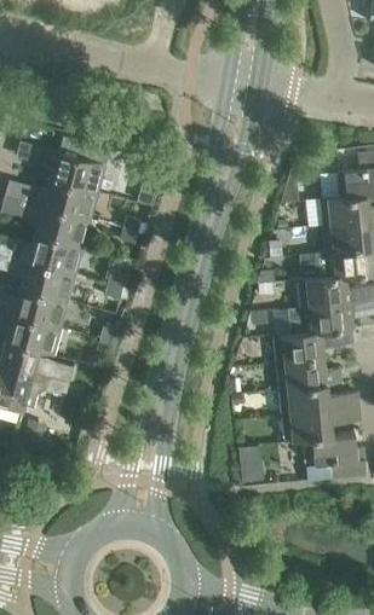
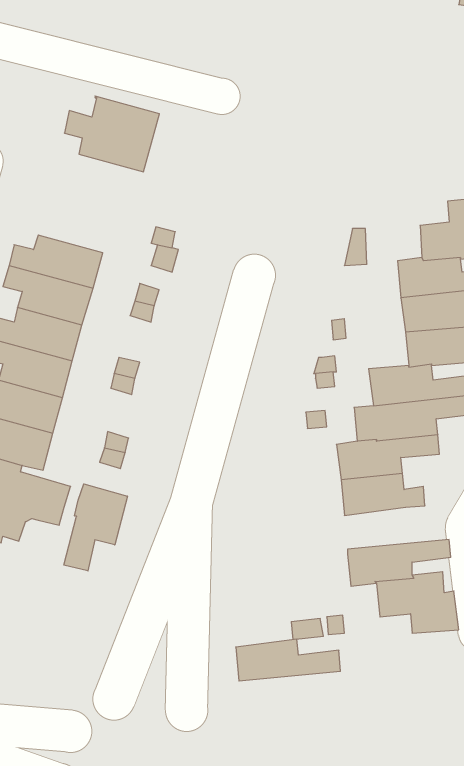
building: [39,135,110,192] -> [64,96,159,172]
building: none -> [64,484,127,571]
building: [280,383,358,414] -> [236,639,340,681]

